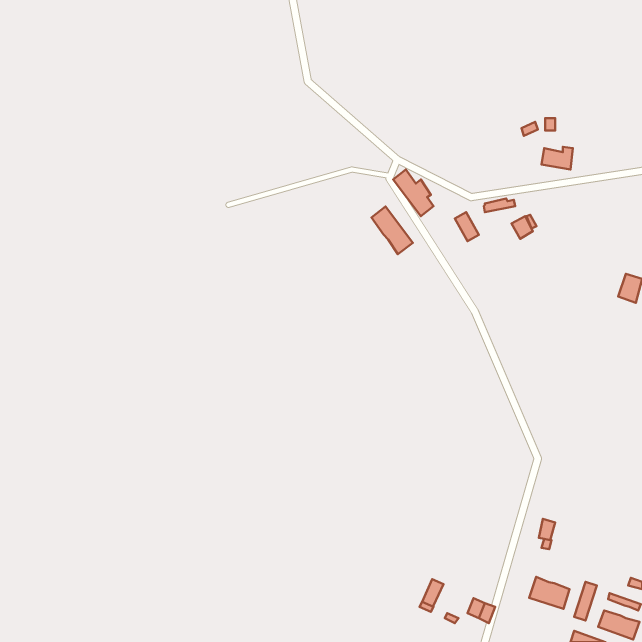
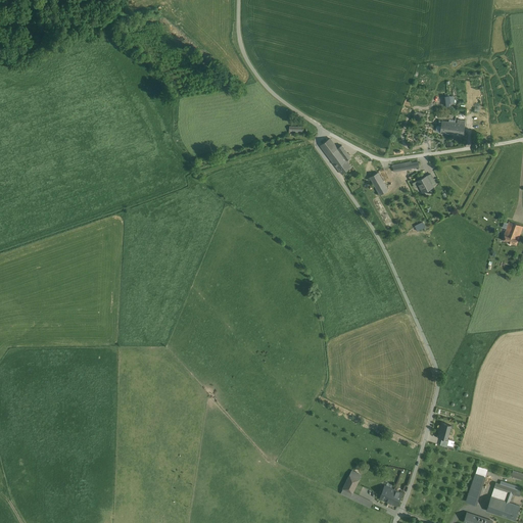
building: [372,206,413,254] -> none
building: [529,577,569,609] -> none

